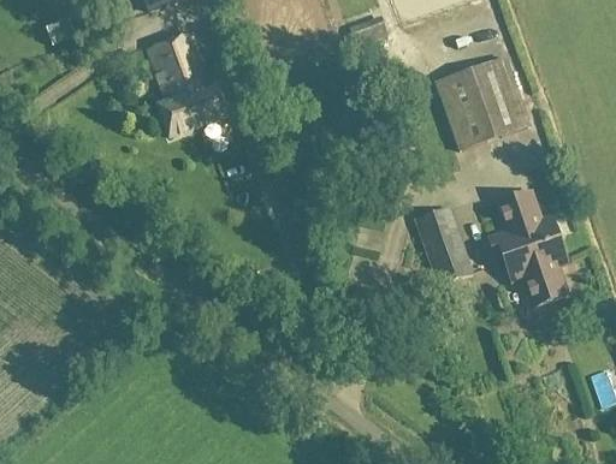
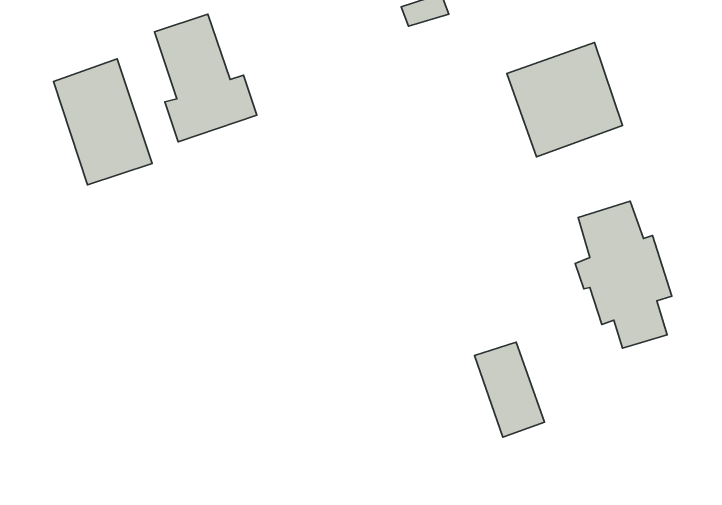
building: none -> [53,59,152,185]
building: [414,207,470,284] -> [475,342,544,437]

